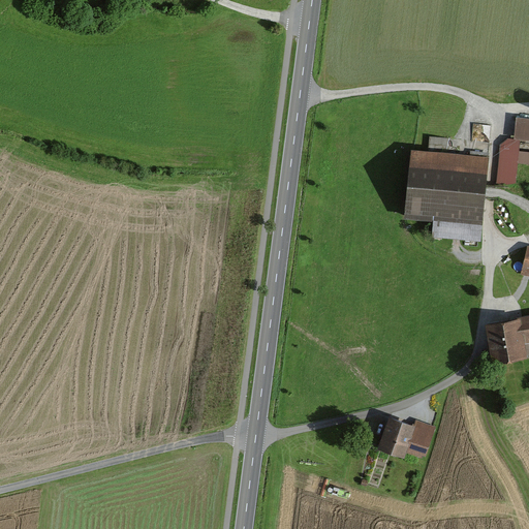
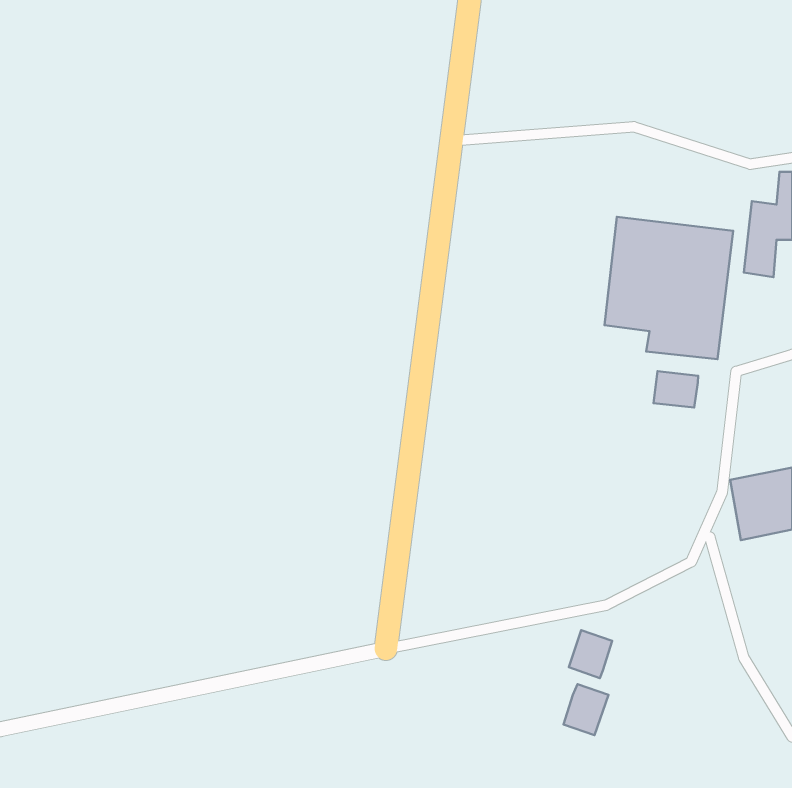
building: none -> [654,371,698,408]
building: [402,423,432,457] -> [564,684,608,735]

